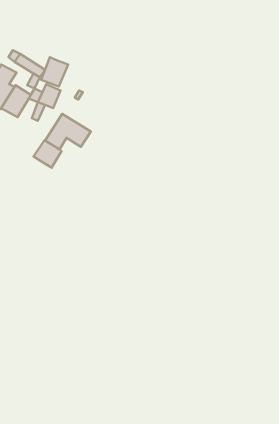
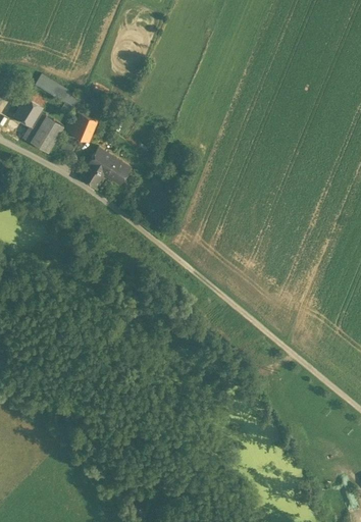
building: [41,57,68,87] -> none
building: [34,140,61,168] -> none

